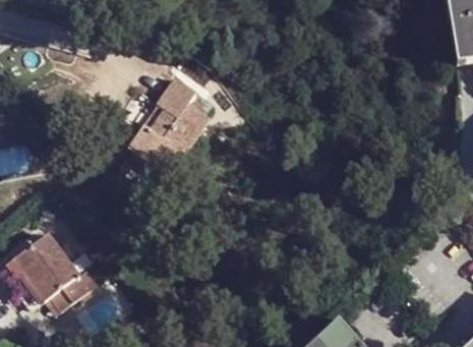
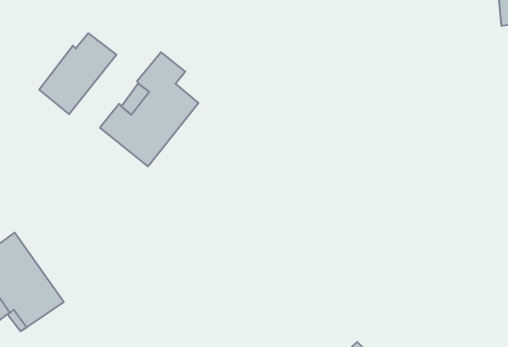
building: none -> [39,33,116,114]

